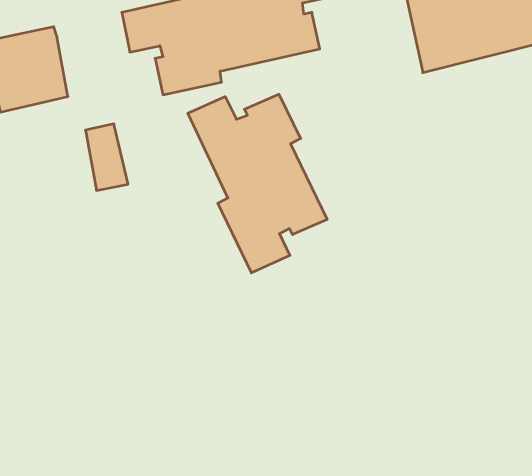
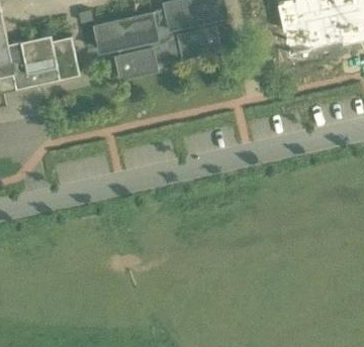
building: [188,94,327,273] -> none
building: [85,124,128,190] -> [52,37,79,80]

